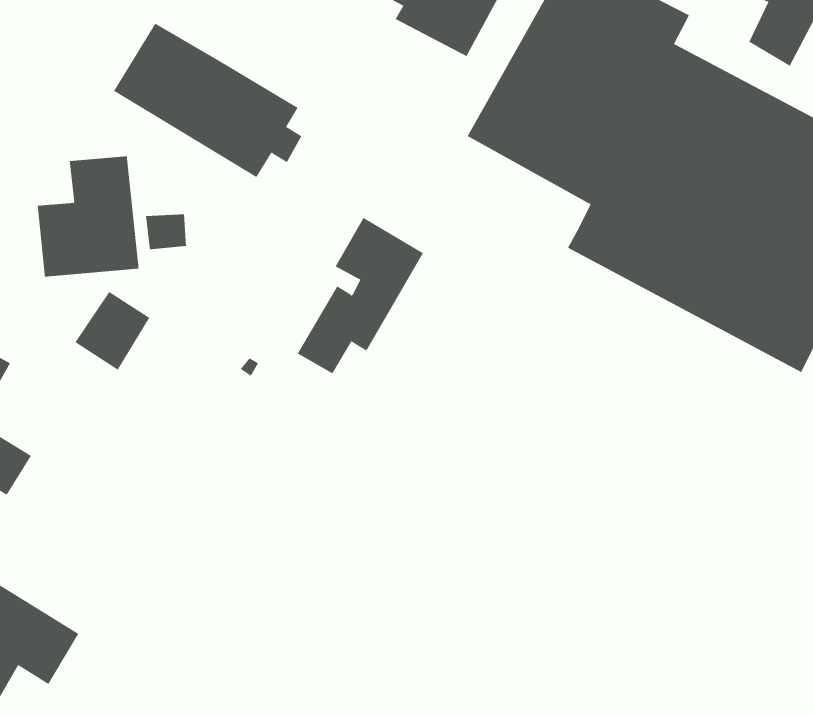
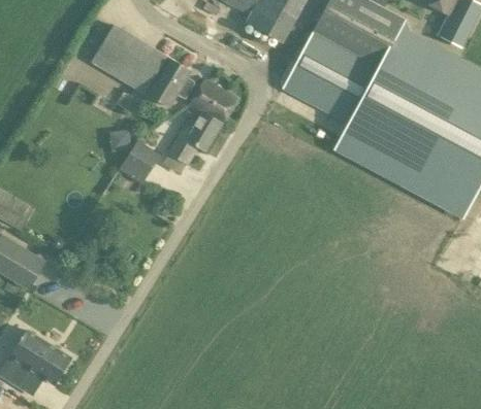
building: [37,156,139,277] -> none
building: [297,217,424,374] -> [167,78,236,164]
building: [75,291,150,371] -> [120,140,161,183]

